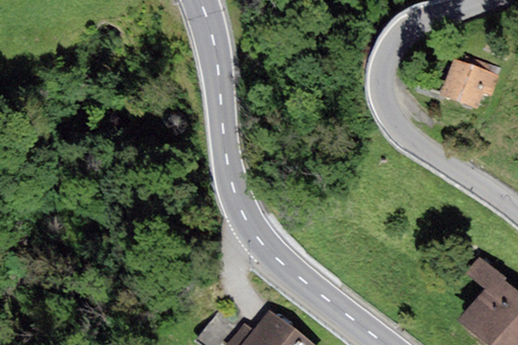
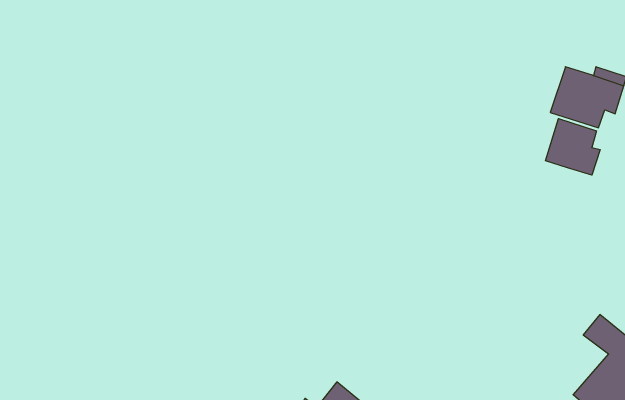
building: none -> [546,119,600,175]

